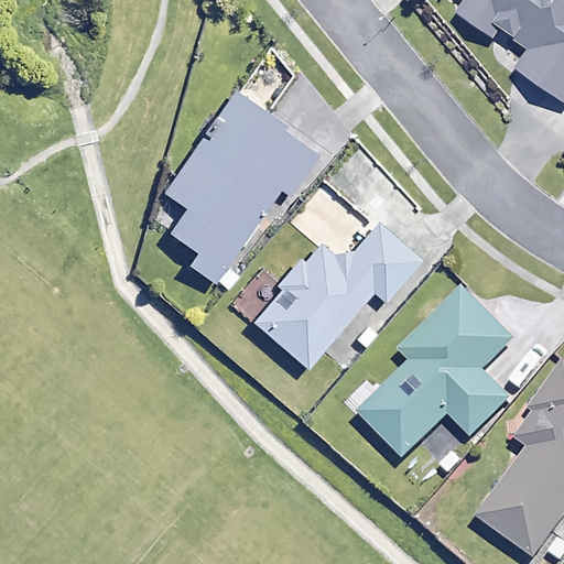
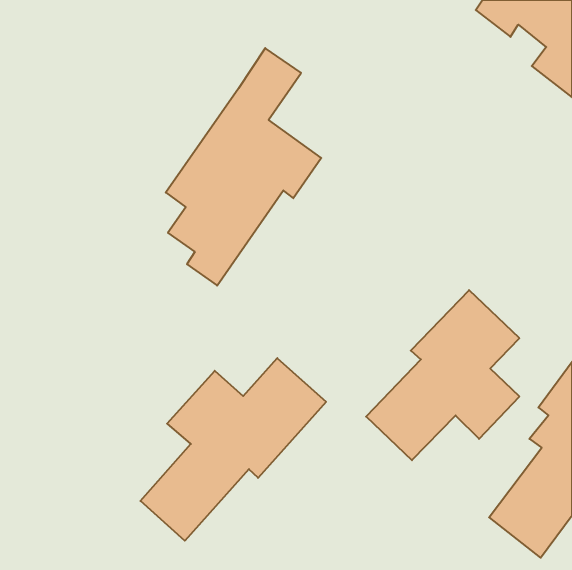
building: [251,215,429,372] -> none
building: none -> [140,358,326,541]

